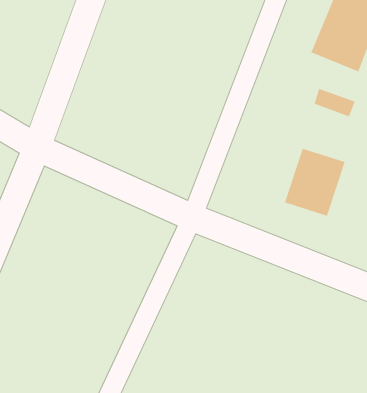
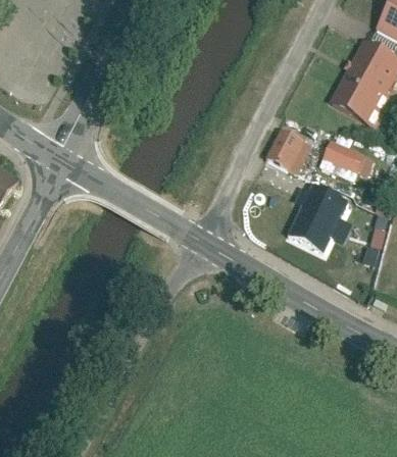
building: none -> [264,124,308,176]

